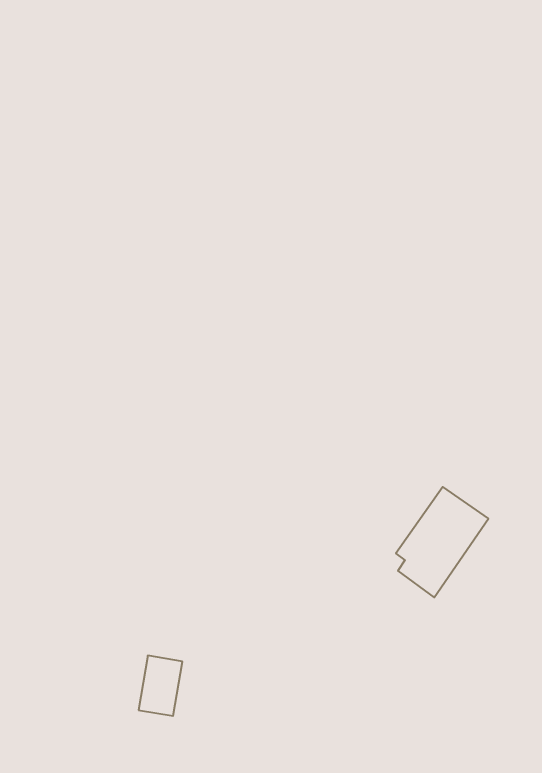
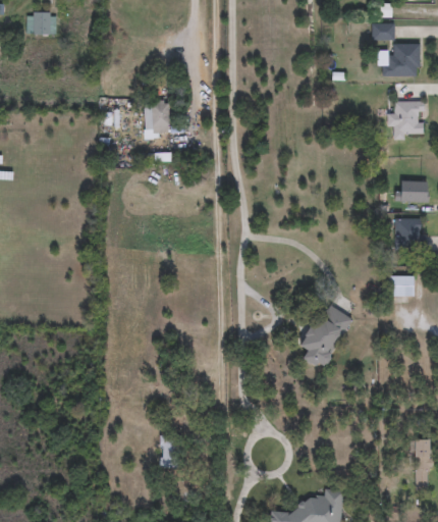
building: none -> [145,101,169,137]

